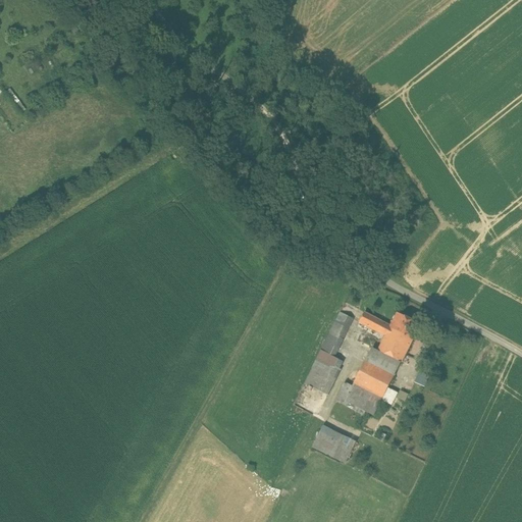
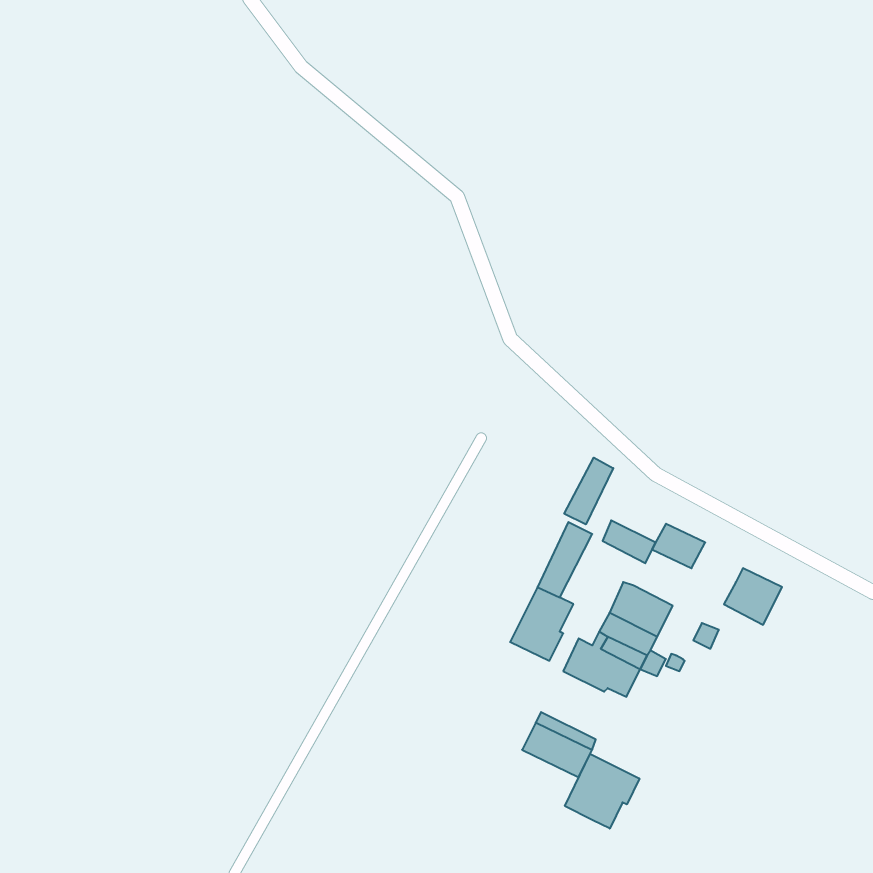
building: none -> [564,458,613,524]
building: [377,327,412,361] -> [724,568,782,625]
building: none -> [565,754,639,829]

